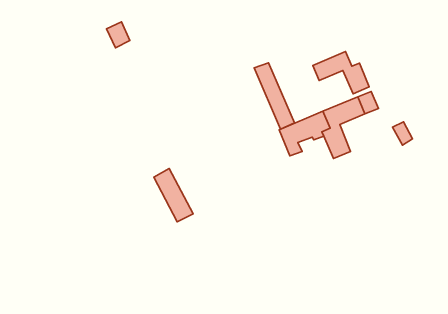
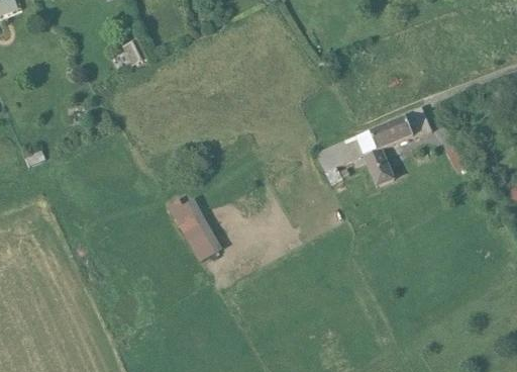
building: [313,51,369,94] -> none
building: [254,63,294,129] -> none

